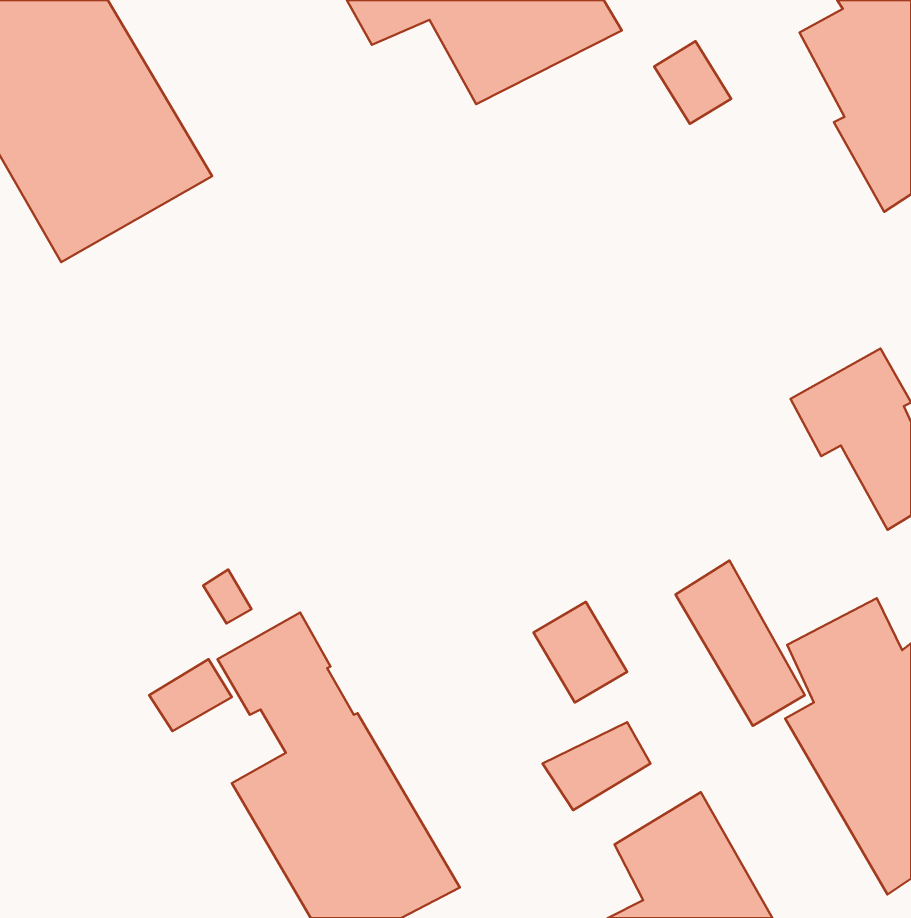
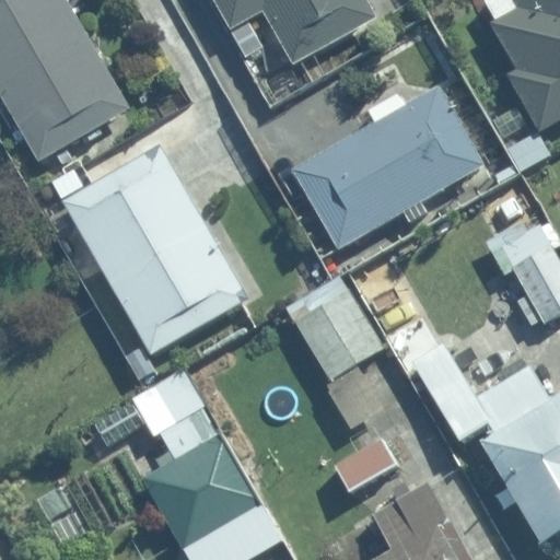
building: none -> [292,89,480,247]
building: none -> [60,144,247,353]
building: none -> [293,287,383,378]

